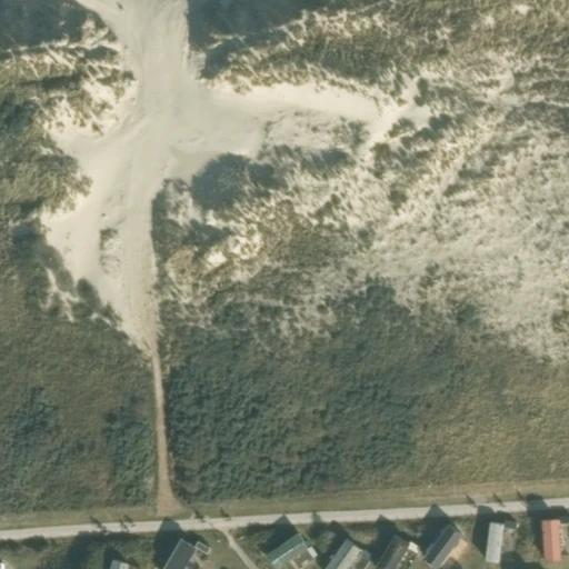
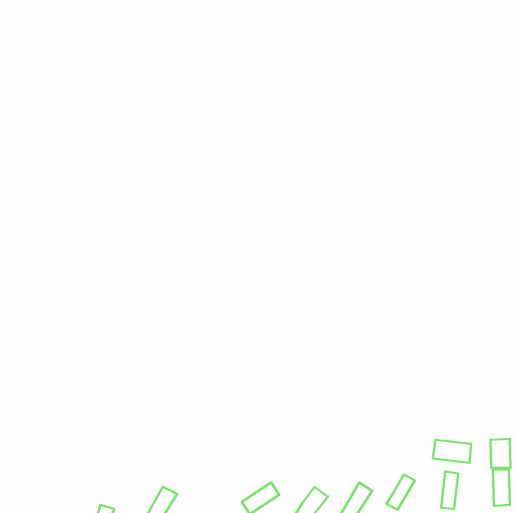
building: none -> [491,439,511,468]
building: none -> [433,440,471,463]

